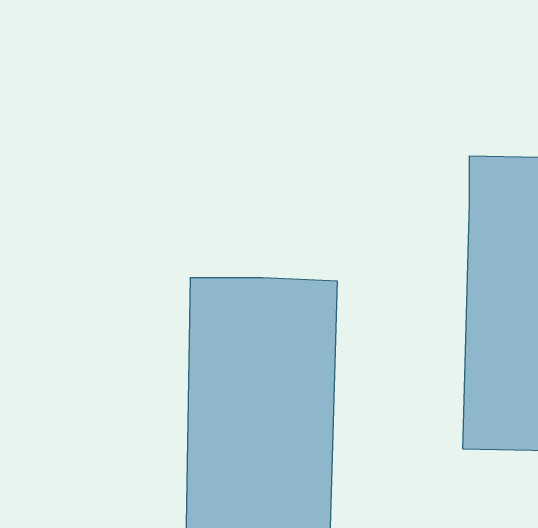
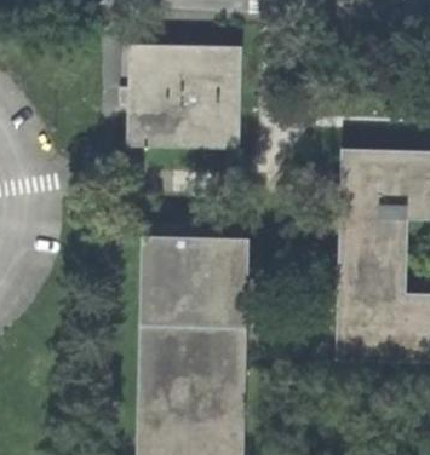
building: none -> [127,44,242,146]

